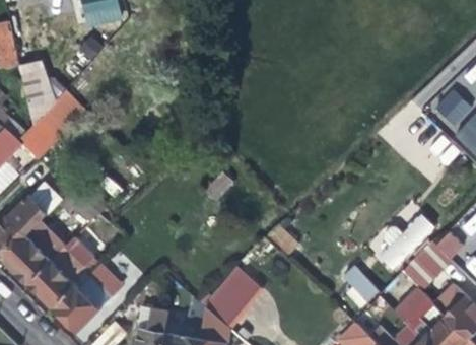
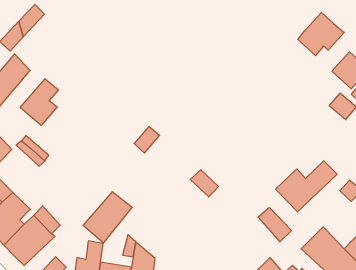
building: none -> [298,12,344,56]
building: none -> [20,79,58,125]
building: [403,243,450,290] -> none
building: [206,268,263,328] -> [83,192,132,244]

